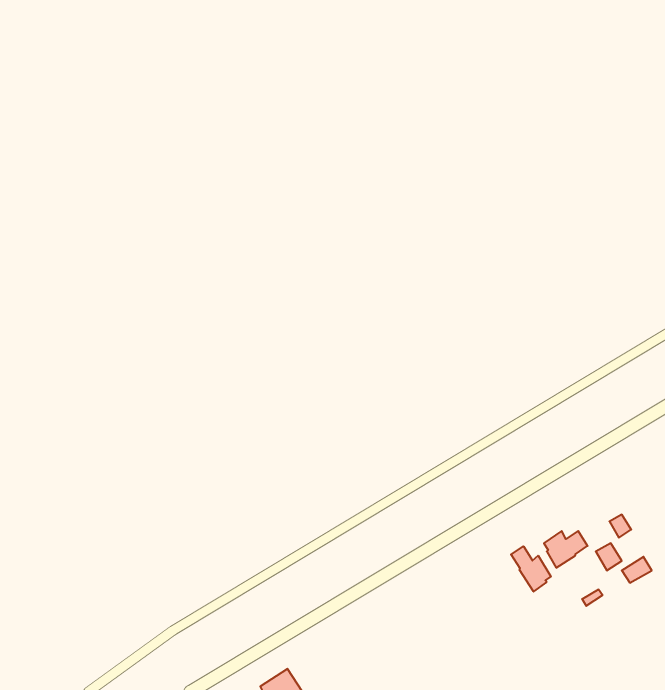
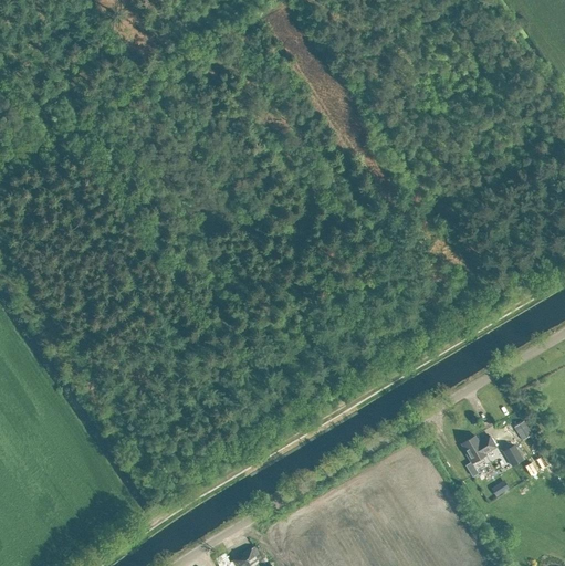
building: [511,546,551,592] -> none

